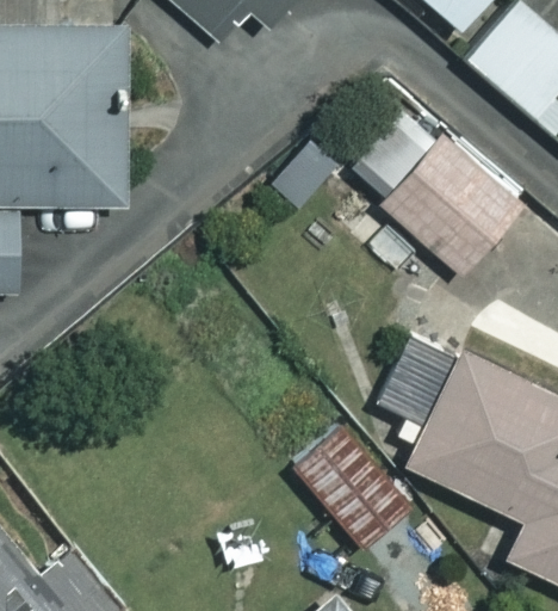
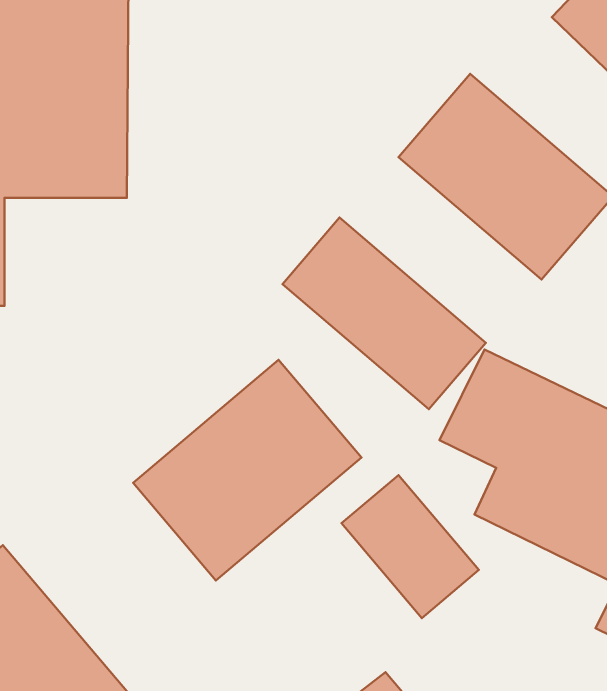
building: none -> [283,217,486,409]
building: none -> [133,360,361,581]

